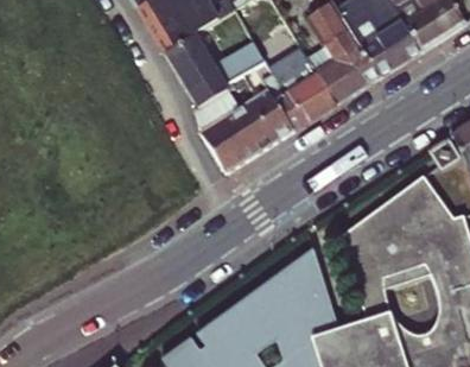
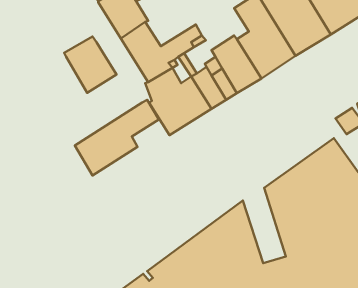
building: none -> [64,36,117,93]
building: none -> [75,100,159,175]

